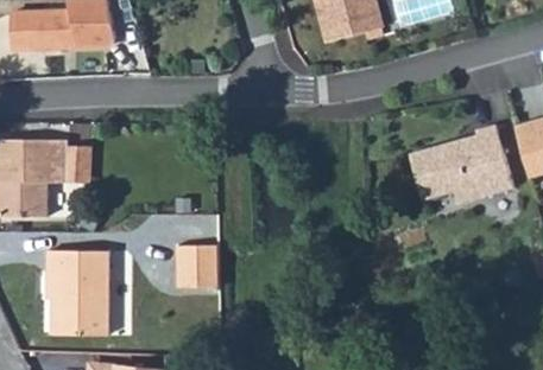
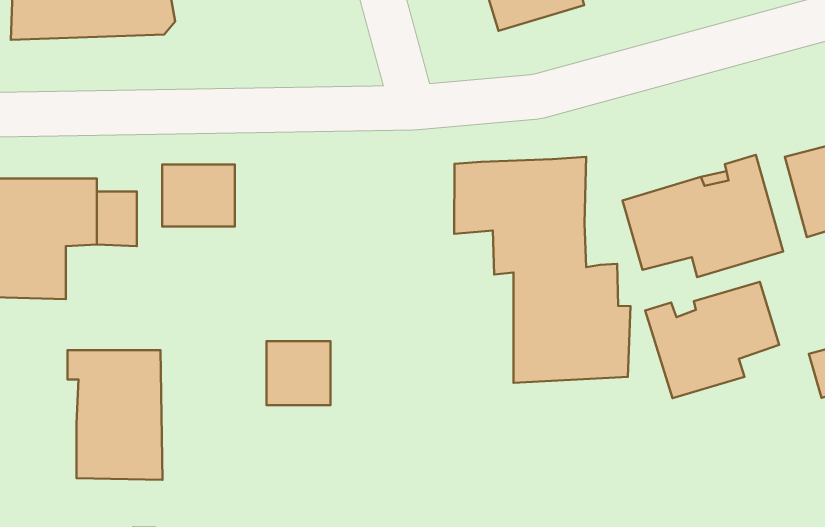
building: none -> [454,157,631,383]
building: none -> [162,165,235,227]
building: none -> [645,282,779,398]

